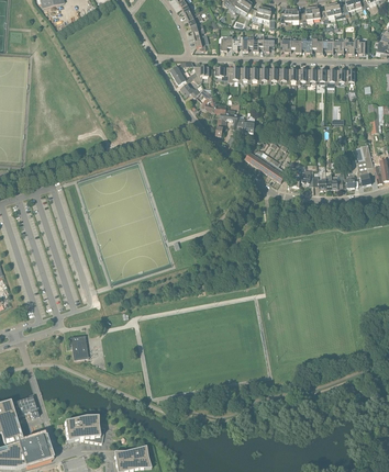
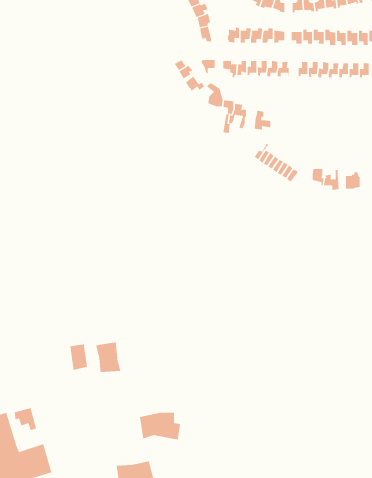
building: none -> [95,341,121,373]
building: [64,416,103,442] -> [139,412,181,440]

